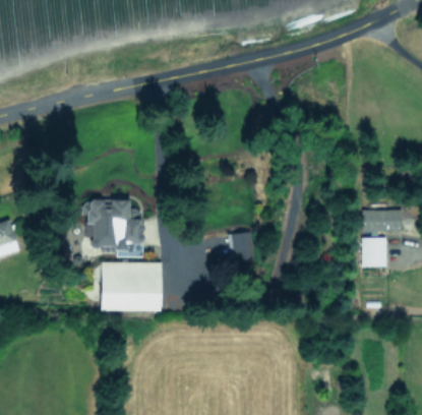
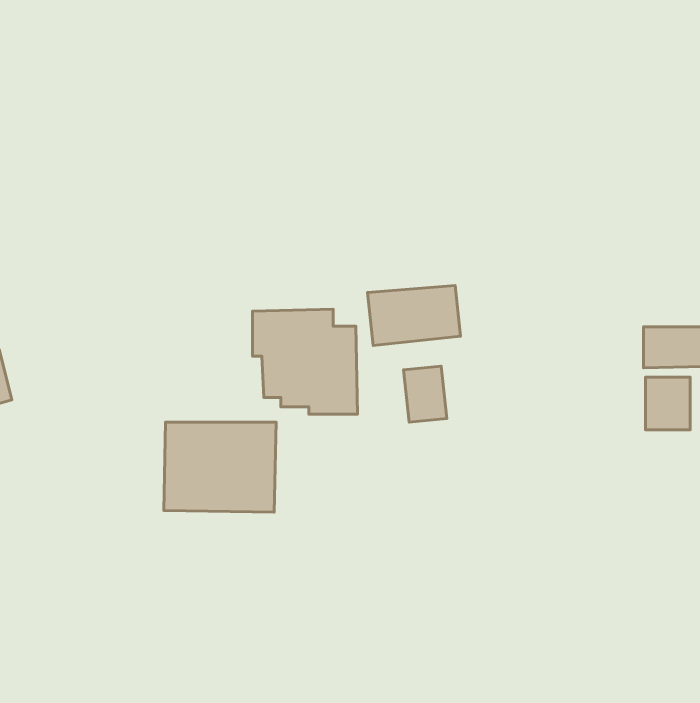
building: none -> [368,286,461,346]
building: [86,199,143,256] -> [253,309,358,414]

